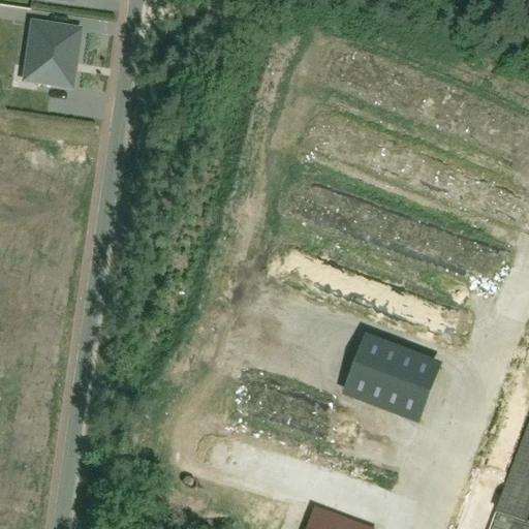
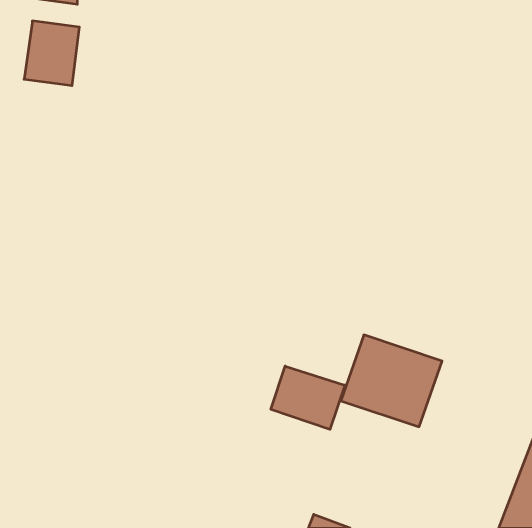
building: none -> [271,366,345,429]

